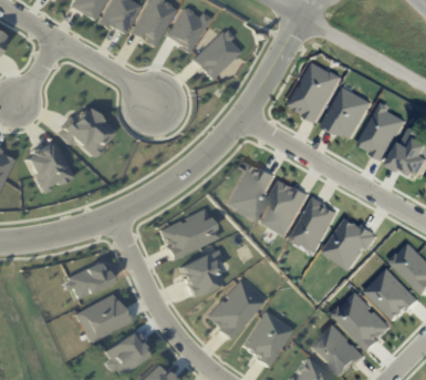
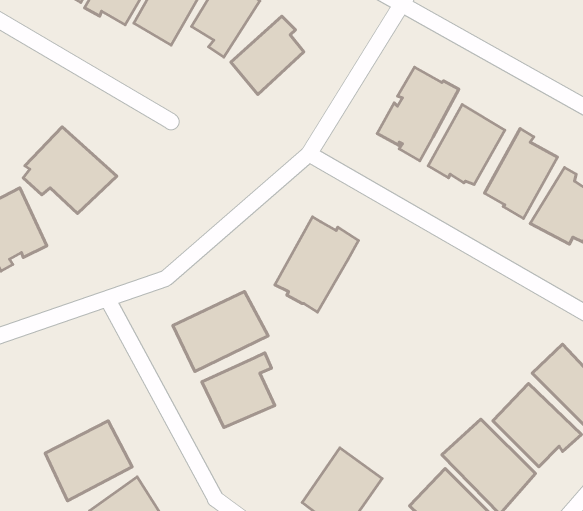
building: [258,179,312,239] -> none
building: [293,196,340,251] -> none
building: [324,217,378,270] -> none
building: [61,260,107,299] -> none
building: [207,280,262,340] -> none

